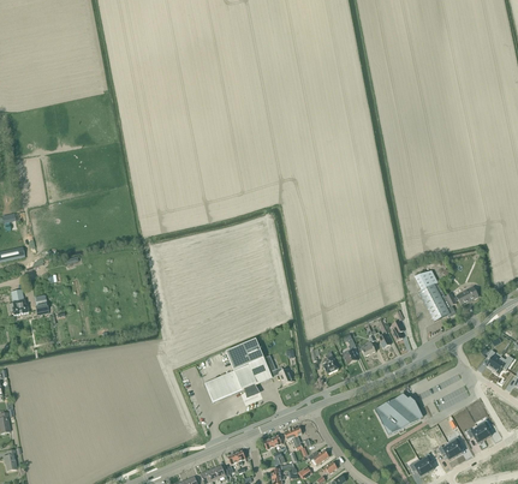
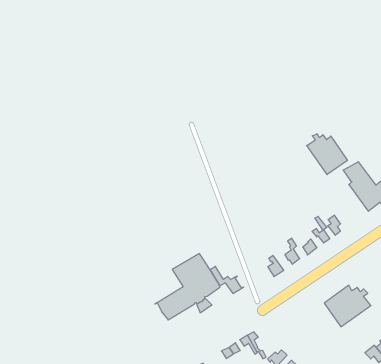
building: none -> [307,134,347,175]

